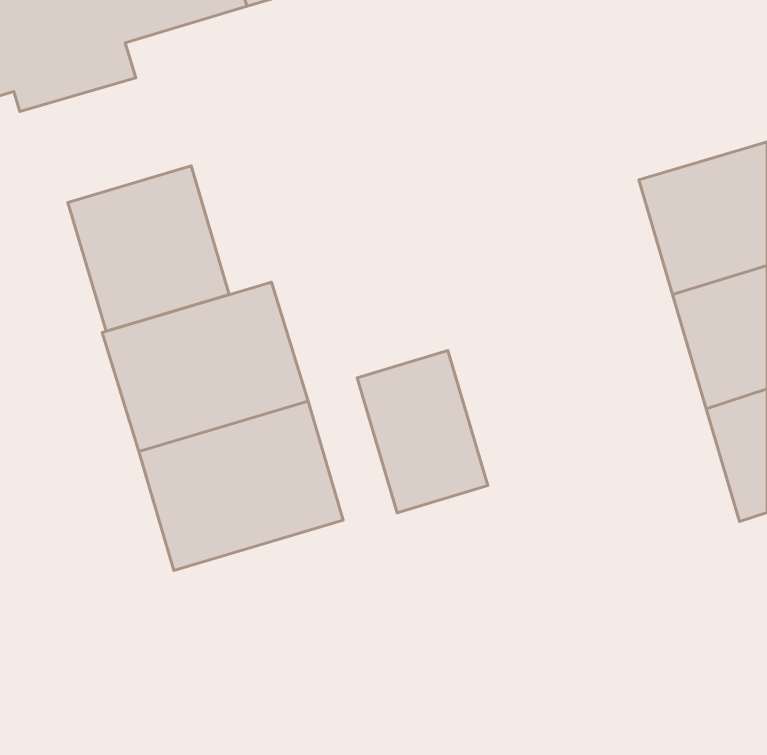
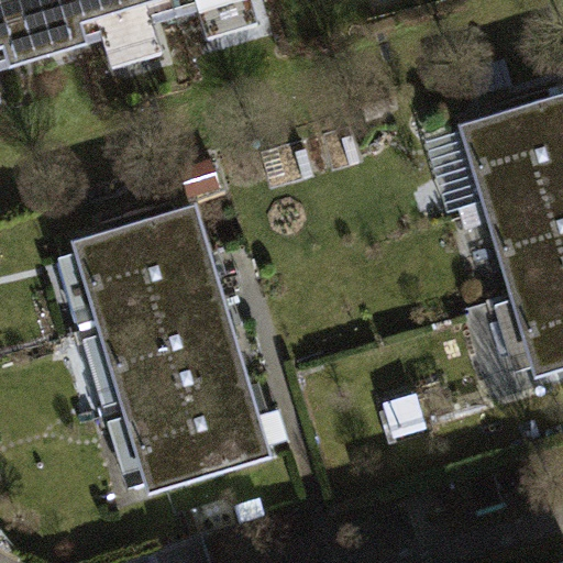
building: [68,166,229,331] -> none
building: [357,351,488,513] -> none
building: none -> [125,375,273,497]

